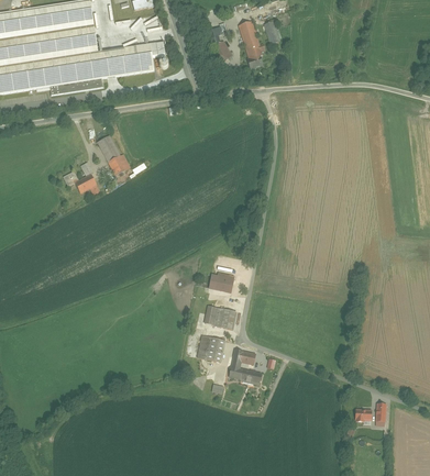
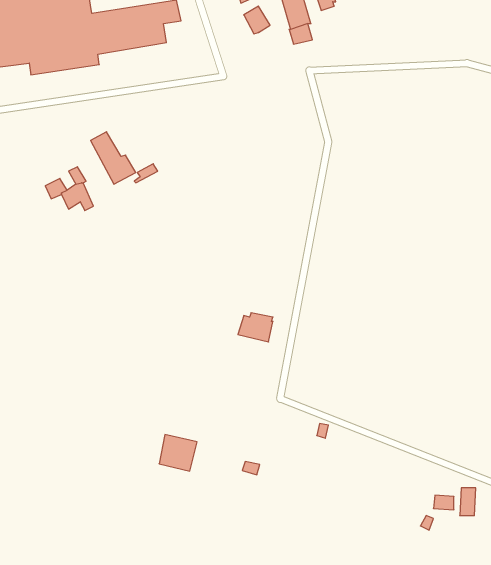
building: [203,306,236,330] -> none
building: [197,335,225,363] -> [159,435,197,471]
building: [229,348,263,385] -> none

